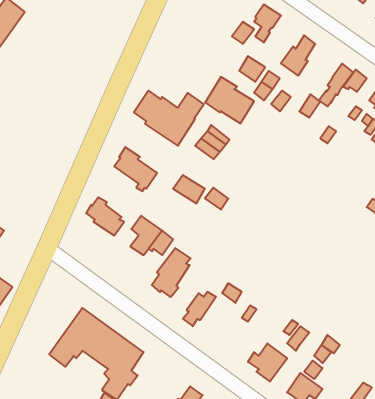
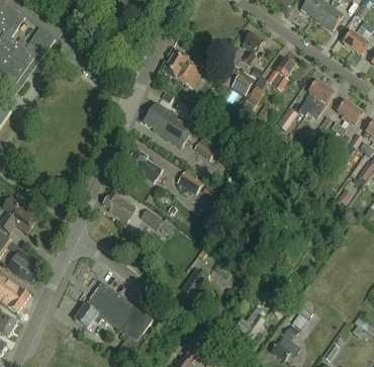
building: [205,77,254,123] -> [164,50,204,88]
building: [152,248,191,297] -> none

